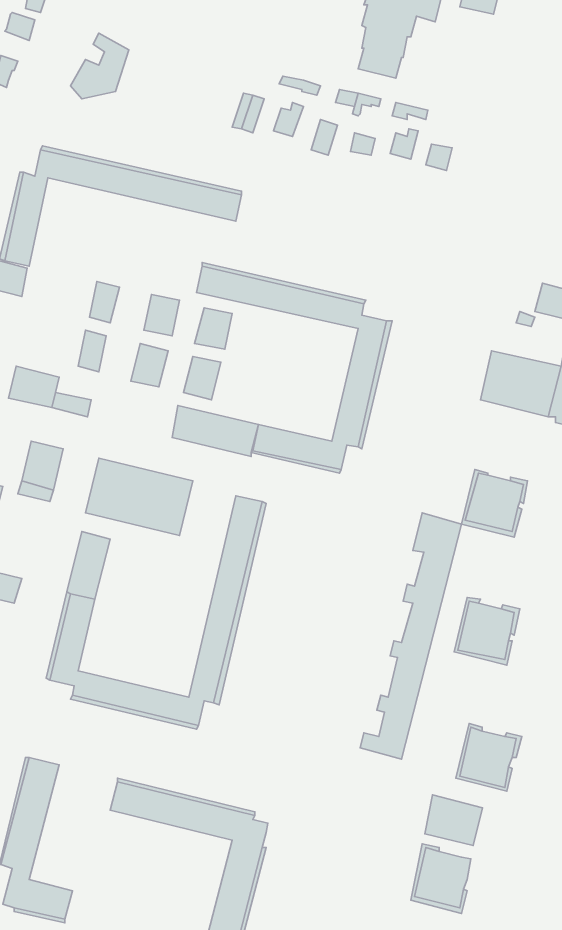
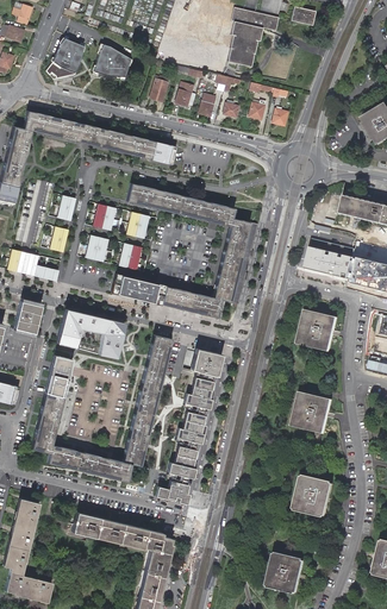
building: none -> [94,43,138,81]
building: [360,513,462,759] -> [158,347,223,503]
building: [425,795,482,846] -> none

